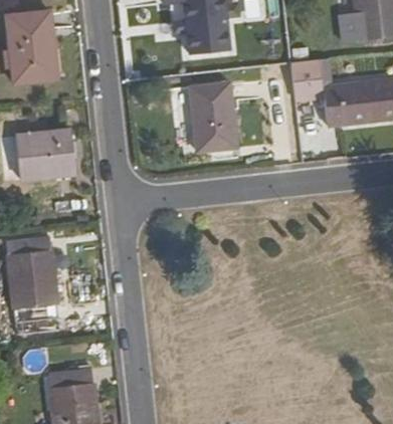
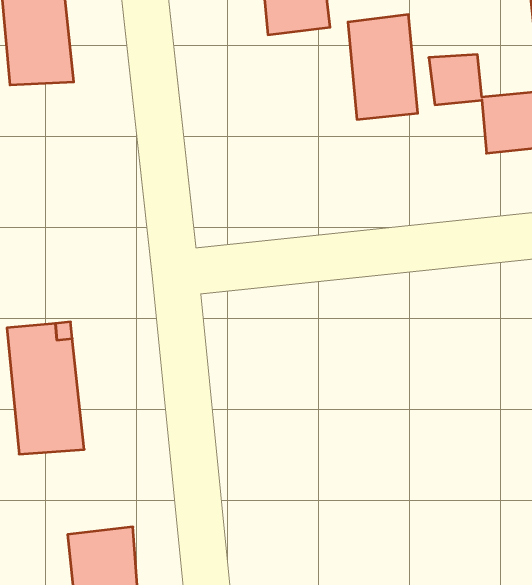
building: [187,84,233,154] -> [348,15,418,119]
building: [14,133,71,178] -> none

